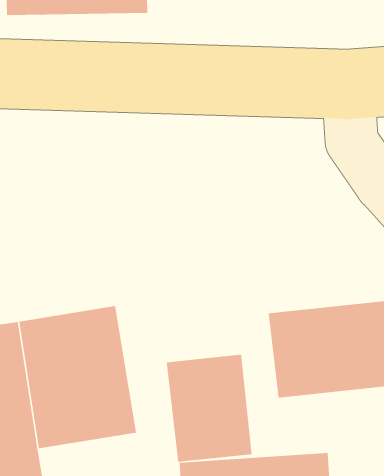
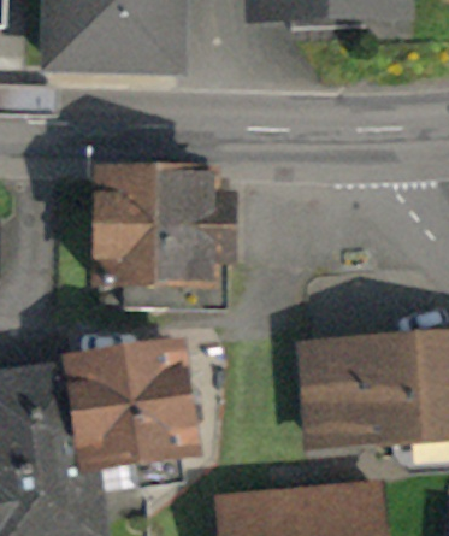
building: none -> [94,184,215,275]
building: [166,354,252,463] -> none

